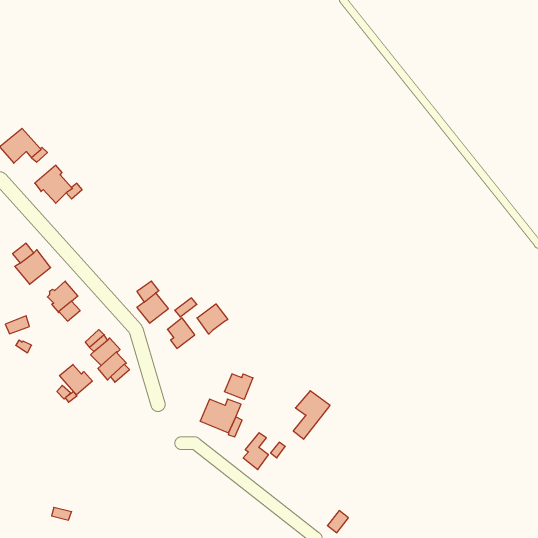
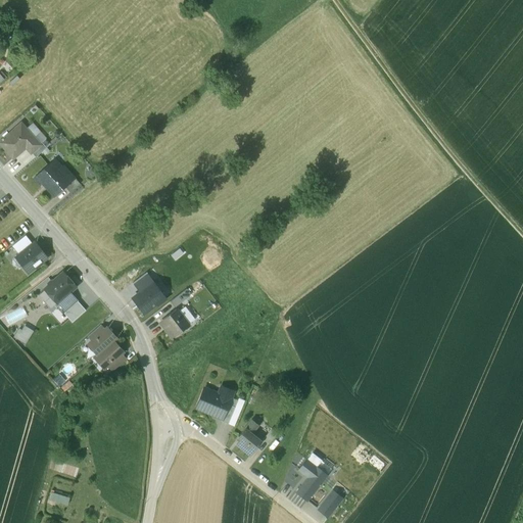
building: [197,304,228,334] -> none
building: [60,364,92,395] -> none
building: [224,374,253,399] -> none
building: [293,391,330,439] -> [296,454,332,501]

